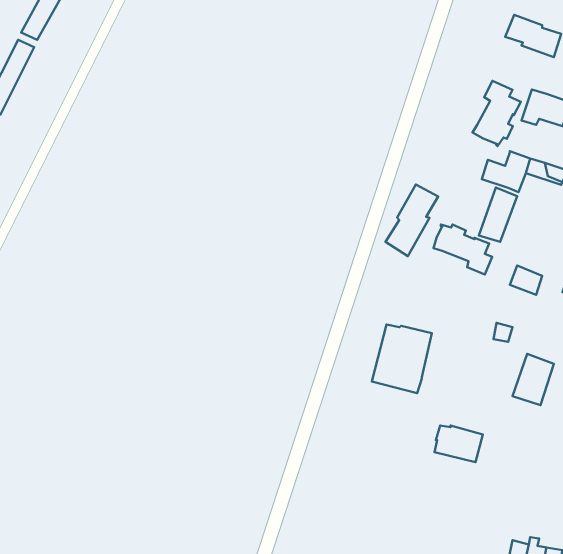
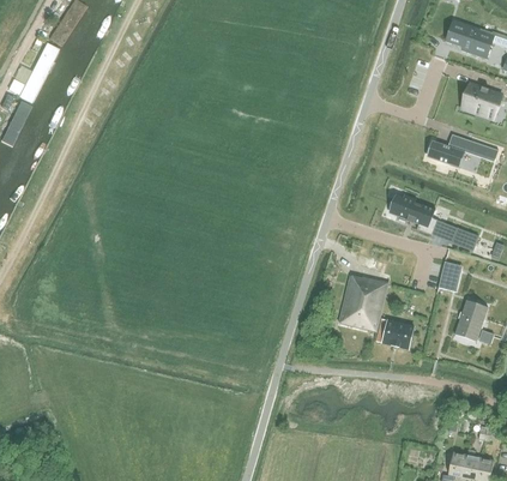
building: [473,81,521,146] -> none
building: [386,185,438,256] -> none
building: [479,188,517,242] -> none
building: [434,426,483,462] -> [374,319,414,349]

